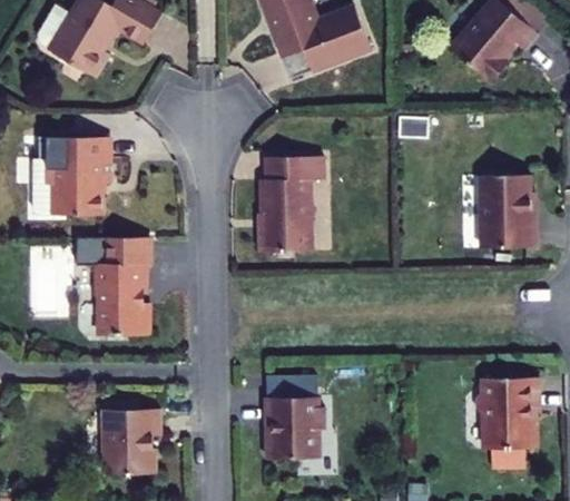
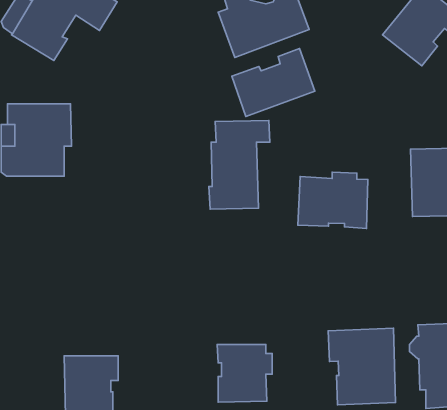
building: none -> [232,49,315,117]
building: none -> [298,172,368,228]
building: [79,234,151,332] -> none
building: none -> [328,328,395,405]

